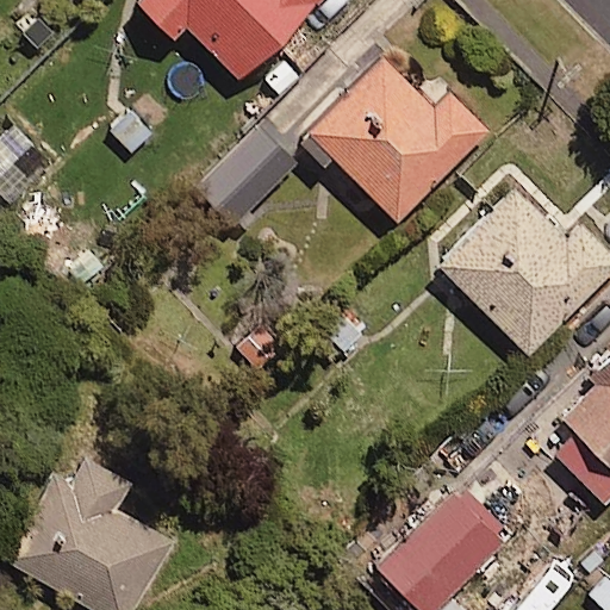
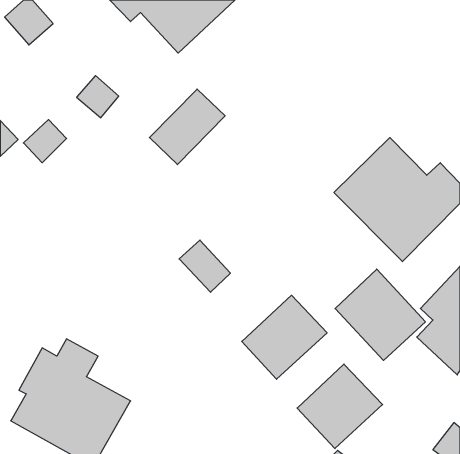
building: [300,55,485,219] -> none
building: none -> [335,269,425,360]
building: none -> [242,295,327,379]

